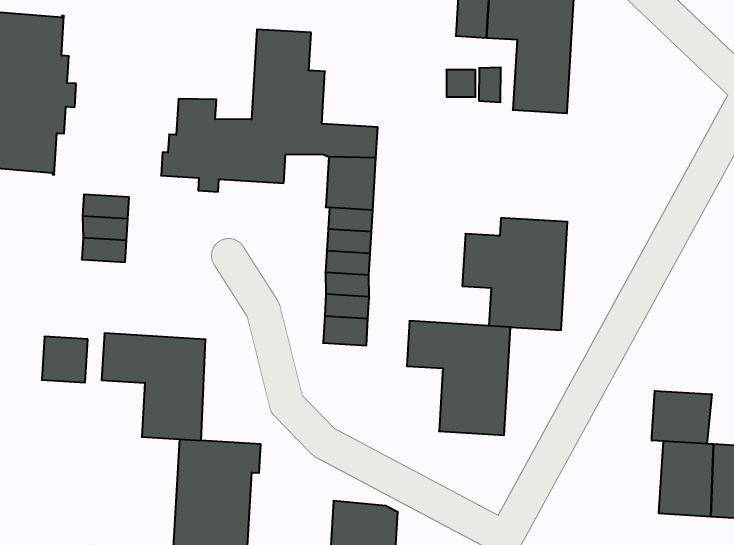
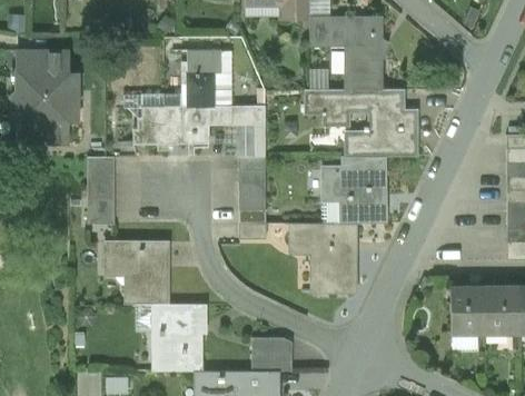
building: none -> [306,88,416,156]
building: [42,337,88,383] -> [88,197,115,224]
building: [652,391,712,444] -> none

